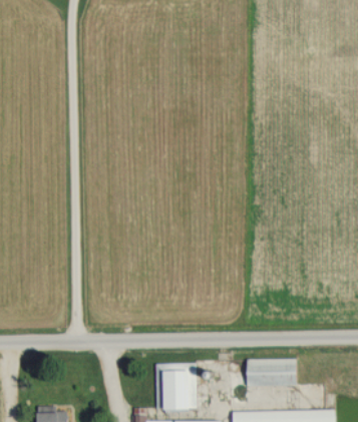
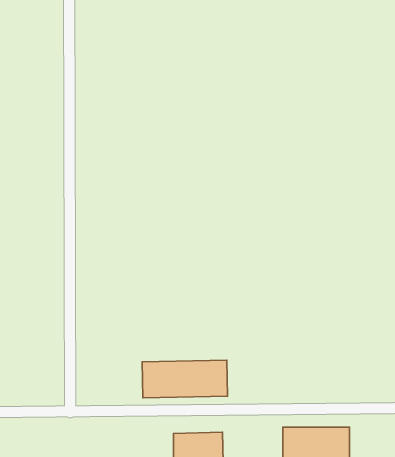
building: none -> [142,360,228,398]

